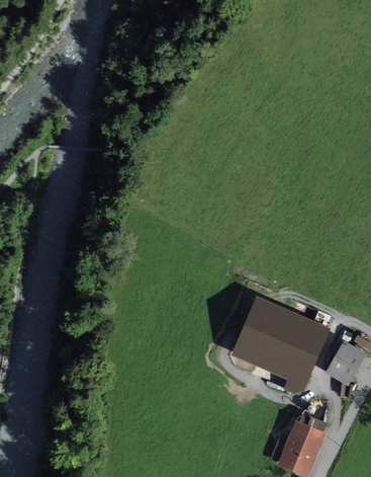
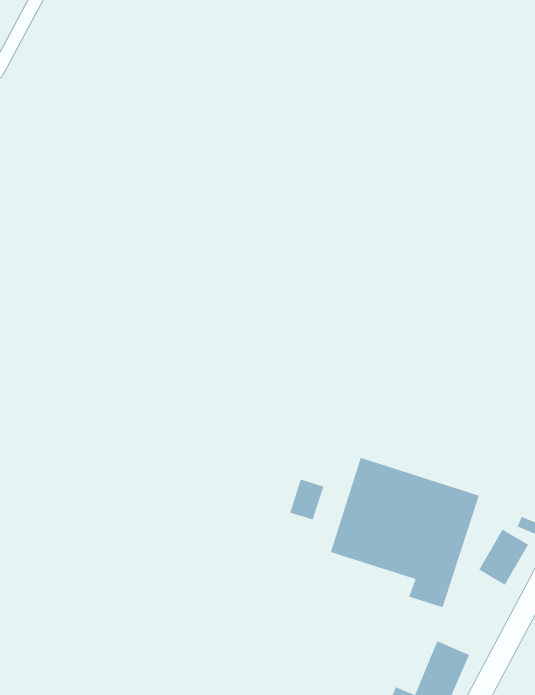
building: none -> [289,479,324,521]

